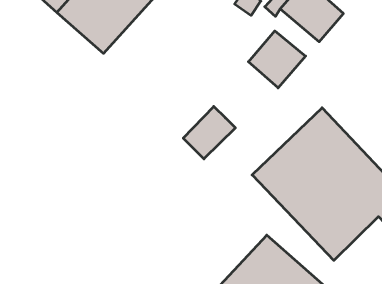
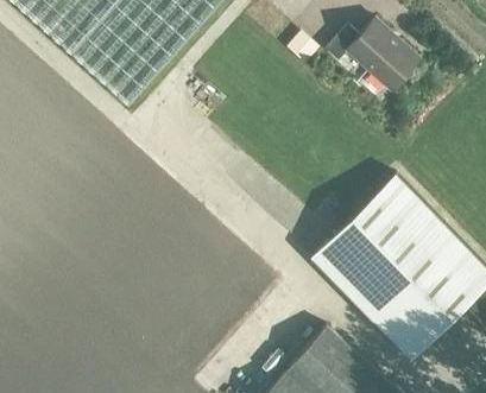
building: [248,31,306,88] -> none
building: [183,106,235,159] -> none

